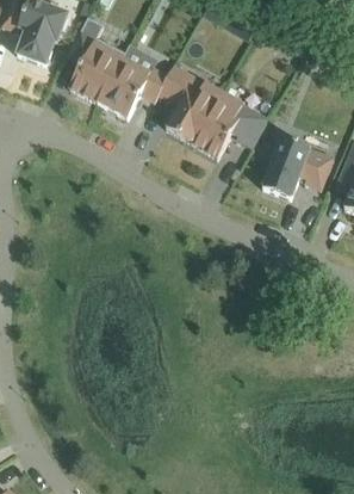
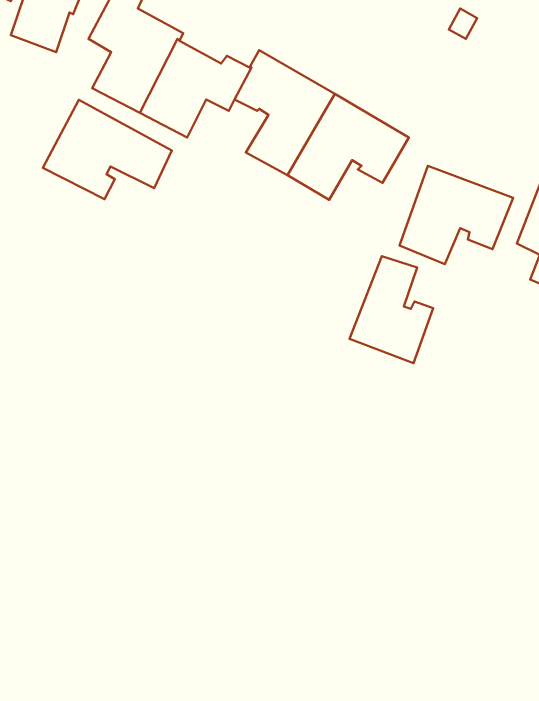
building: none -> [43,100,172,199]
building: none -> [349,256,433,363]

